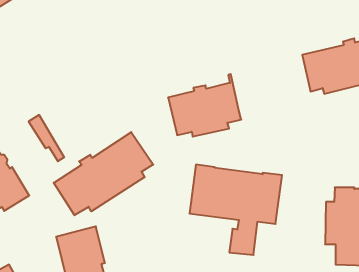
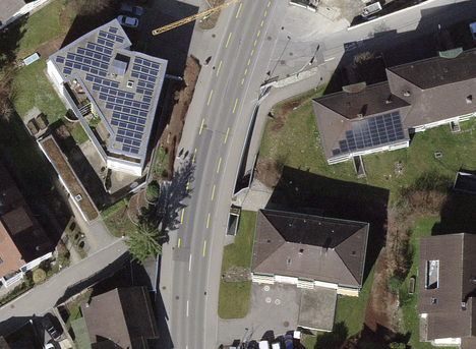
building: none -> [48,22,165,168]
building: [168,74,241,137] -> [314,72,406,151]
building: [54,132,153,215] -> none

